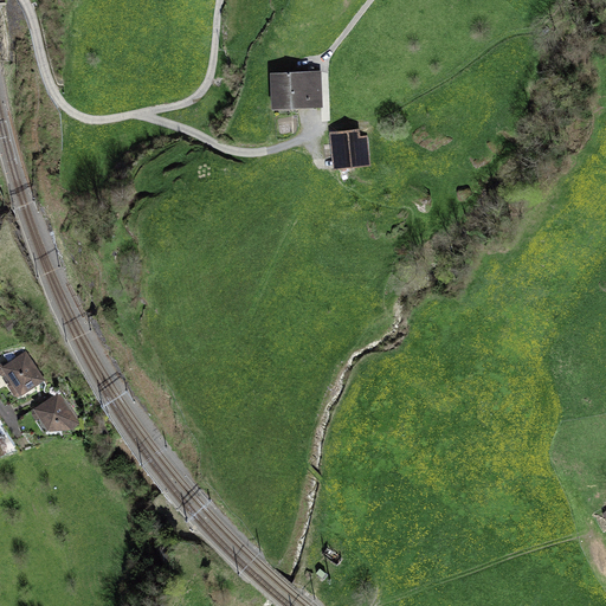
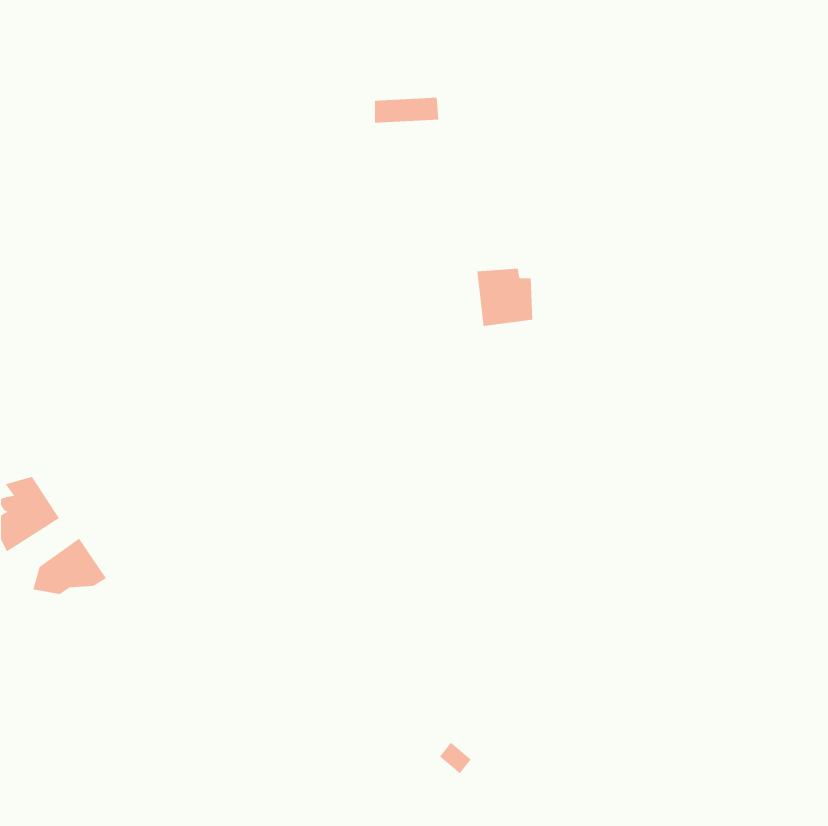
building: [273,88,321,108] -> none
building: [329,129,370,172] -> [477,268,533,326]

